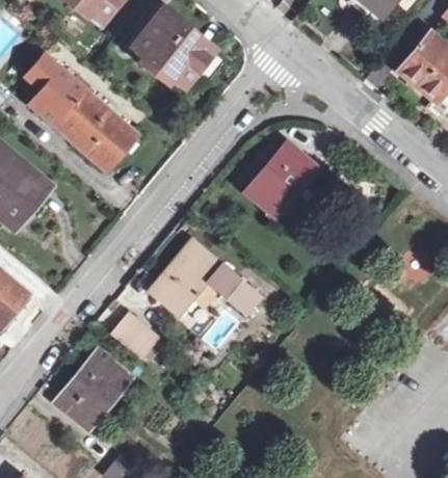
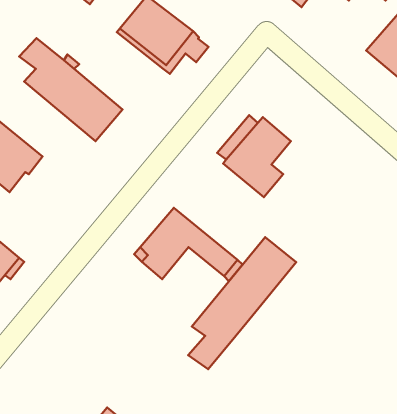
building: none -> [188,237,296,369]
building: [111,315,156,358] -> none
building: [56,352,129,428] -> none

